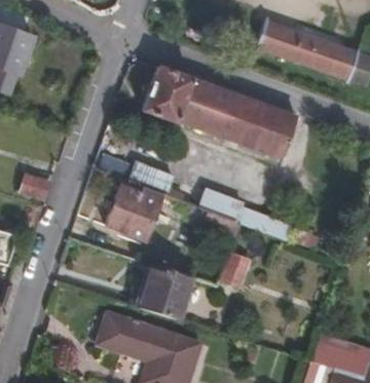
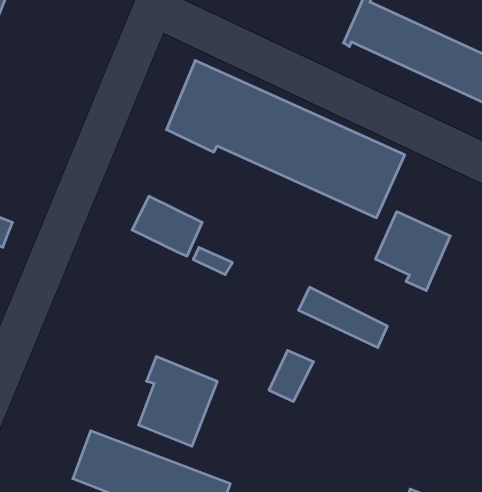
building: none -> [376,212,450,291]
building: [98,176,156,239] -> none
building: [197,186,246,224] -> none

